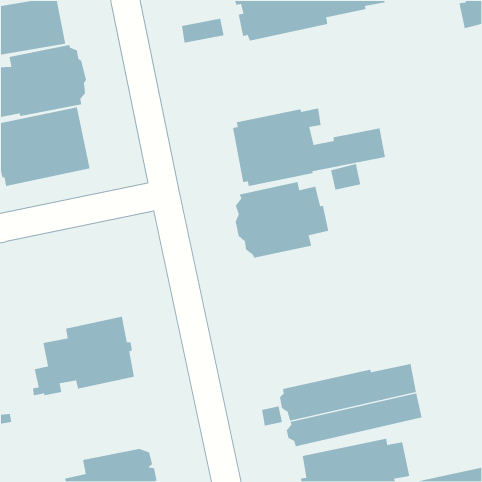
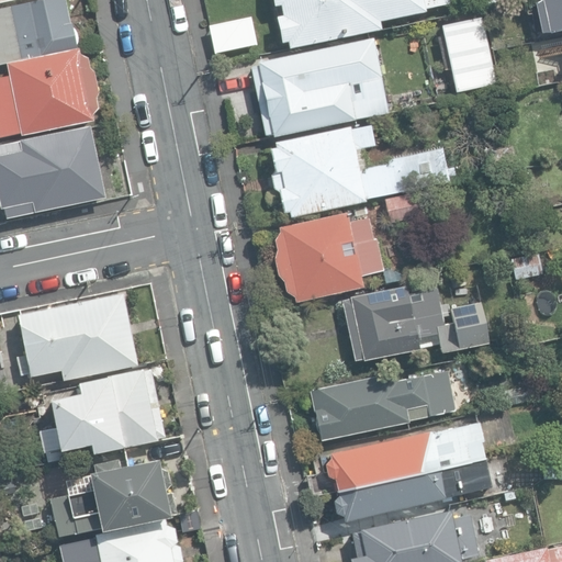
building: none -> [440,16,497,92]
building: none -> [257,37,389,137]
building: none -> [341,285,487,360]
building: none -> [18,292,137,380]
building: none -> [310,371,456,440]
building: none -> [48,458,175,537]

